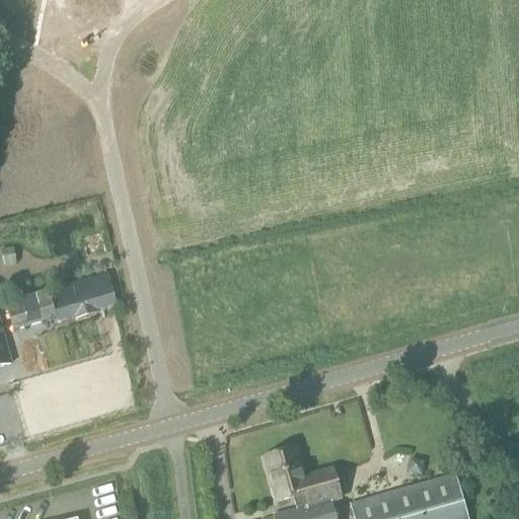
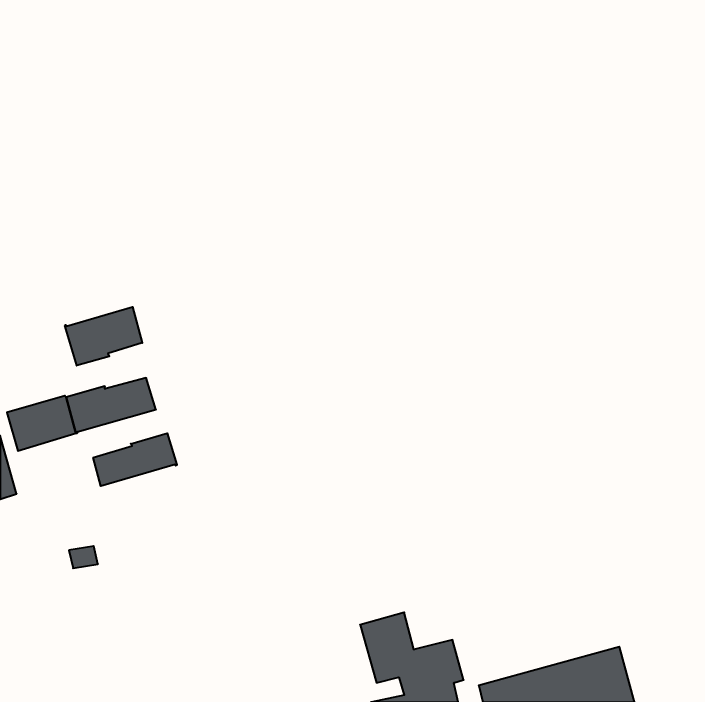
building: none -> [65,307,142,366]
building: none -> [93,433,177,486]

